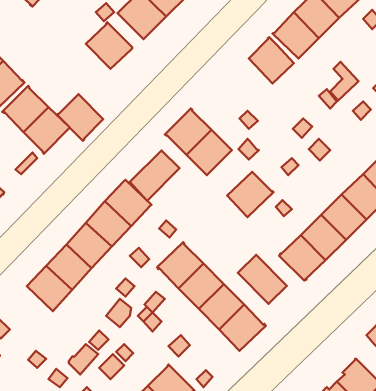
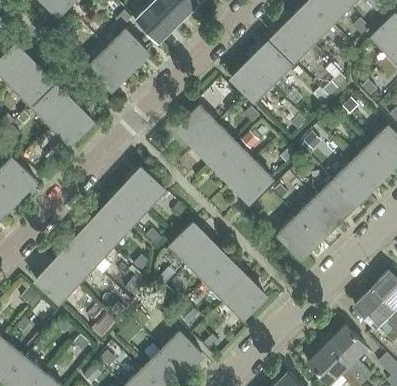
building: none -> [231,61,271,102]
building: [57,94,103,141] -> [87,48,128,89]
building: none -> [213,142,253,182]
building: [130,151,179,201] -> none
building: [238,255,287,304] -> none
building: none -> [36,262,77,303]

